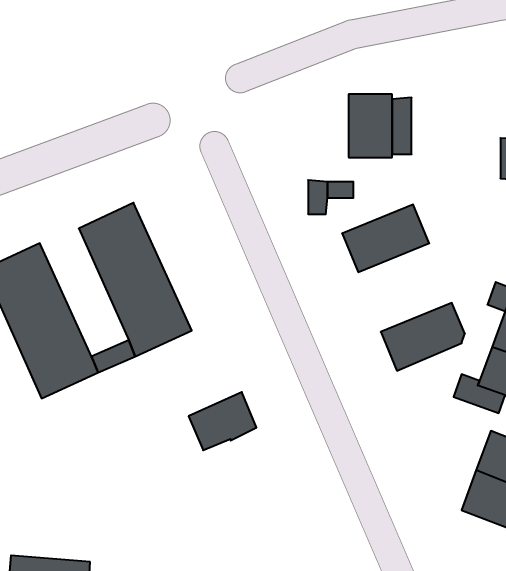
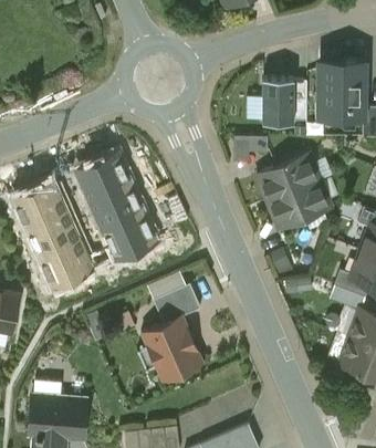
building: none -> [318,62,365,121]
building: [381,303,465,371] -> [269,181,326,228]
building: none -> [140,315,202,382]

